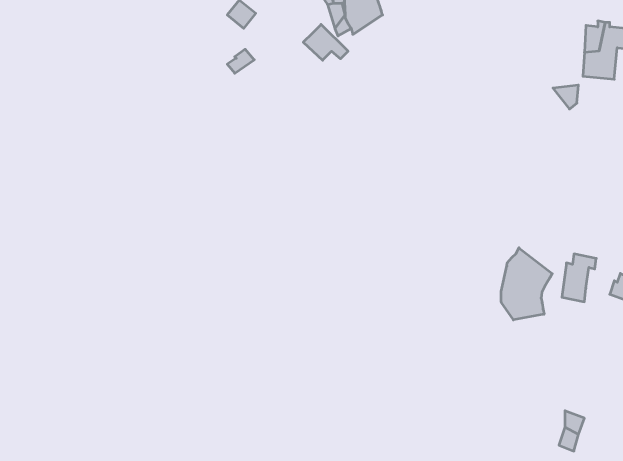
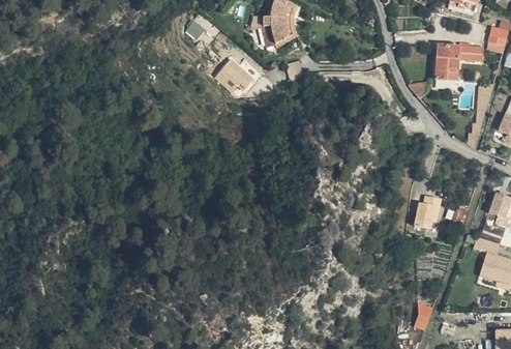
building: [303,24,348,60] -> [211,58,242,83]
building: [501,248,552,320] -> none

